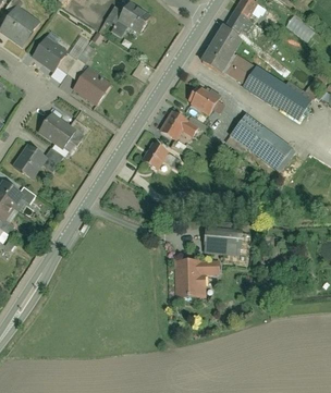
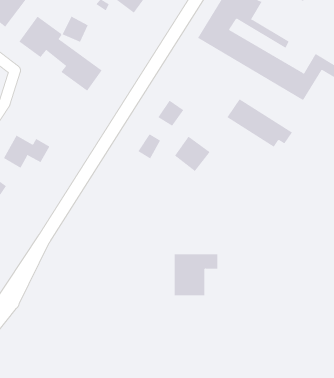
building: [189,88,223,122] -> [174,136,210,172]
building: [39,116,76,149] -> none
building: [211,230,244,250] -> none

